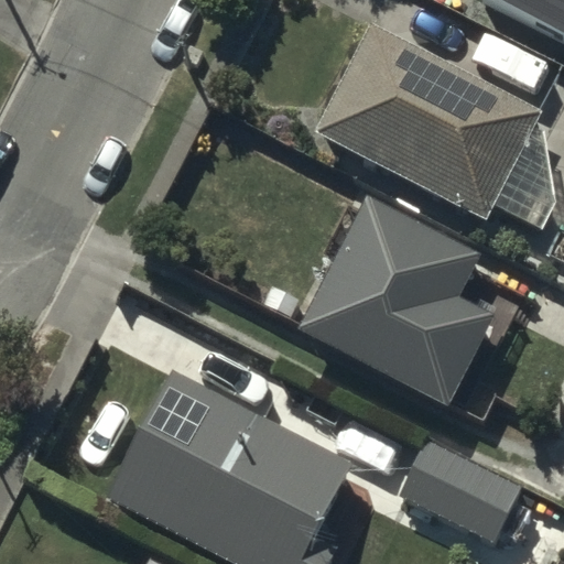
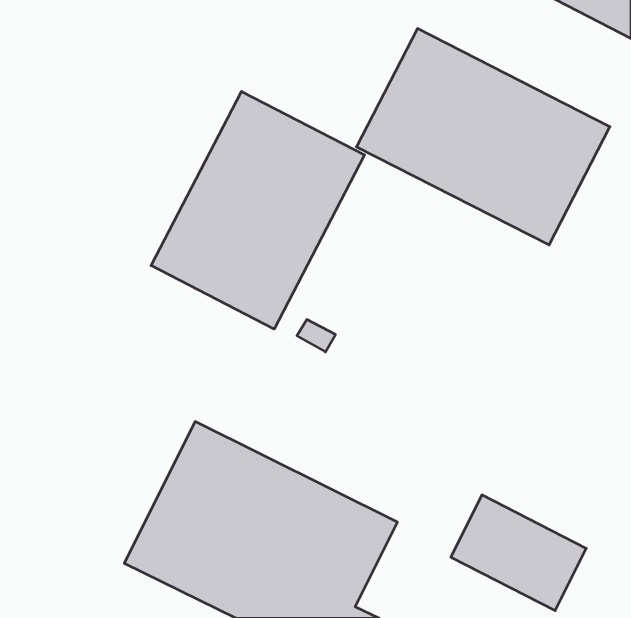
building: none -> [151,91,365,329]
building: [299,198,496,410] -> none

